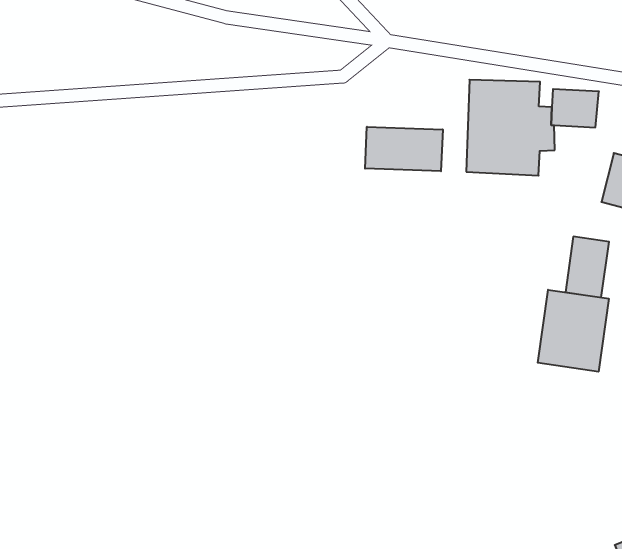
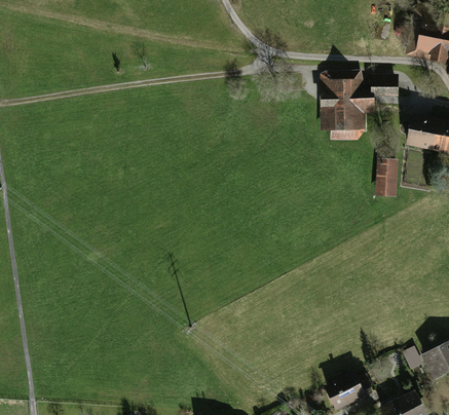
building: [365,127,443,171] -> none
building: [538,290,609,372] -> none

